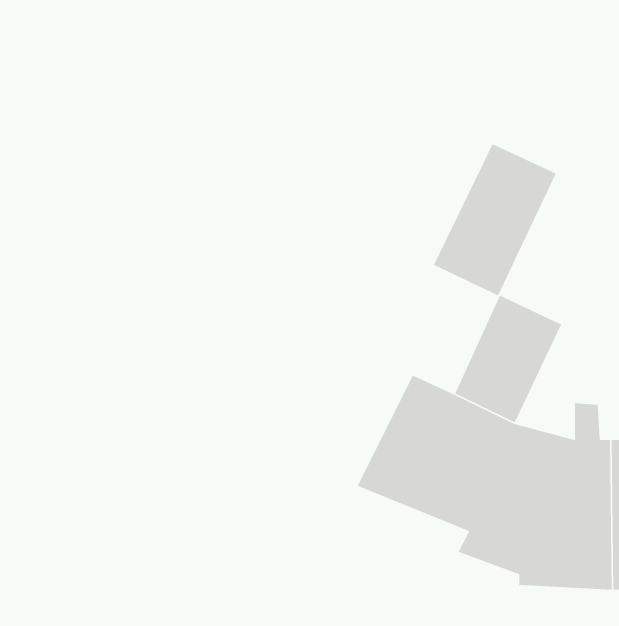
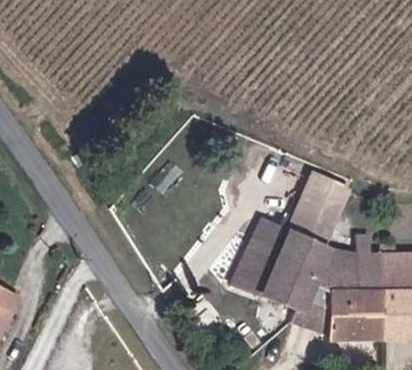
building: [433,143,557,296] -> none

